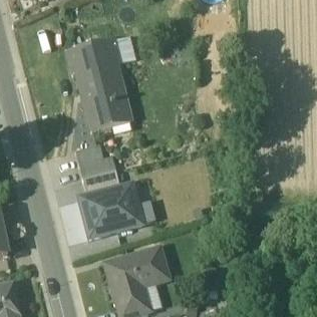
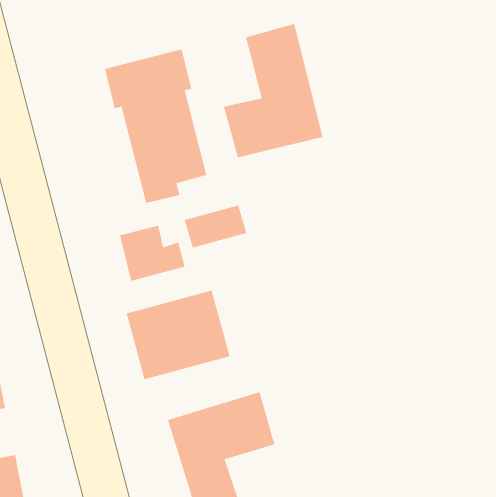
building: none -> [223,23,323,158]
building: [82,169,120,195] -> [184,205,247,248]

